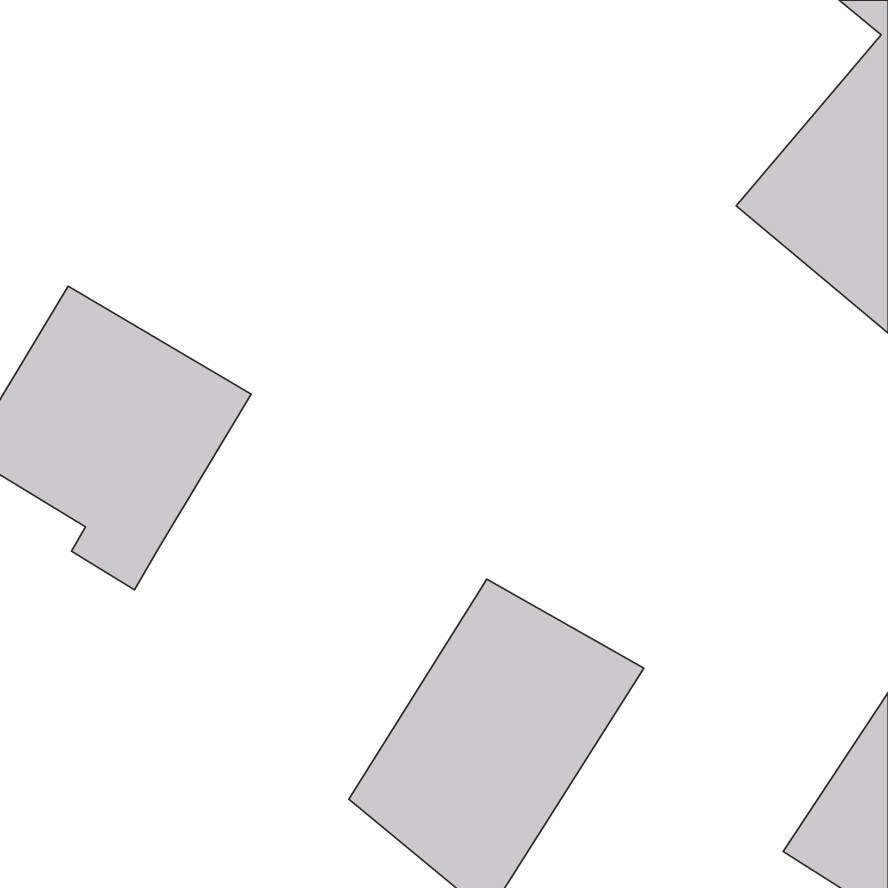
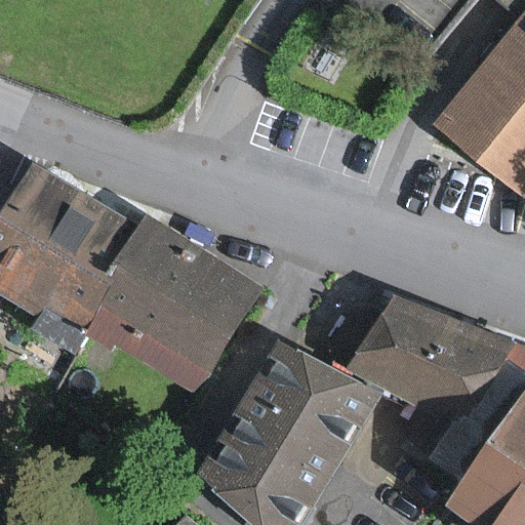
building: none -> [93,224,258,387]
building: none -> [354,299,514,428]

